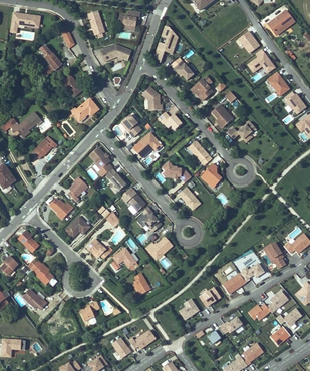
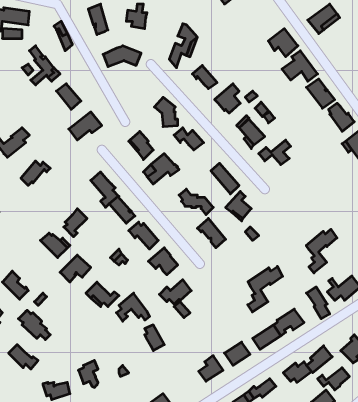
building: none -> [306,229,337,273]
building: none -> [248,266,283,312]

